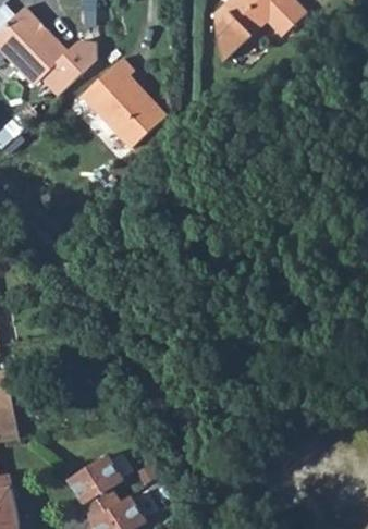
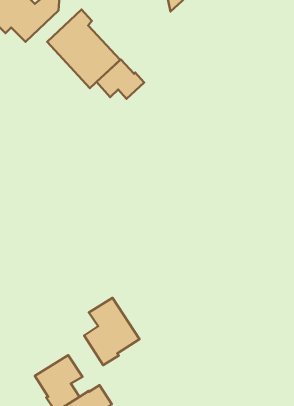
building: none -> [96,59,144,99]
building: none -> [84,298,139,365]

